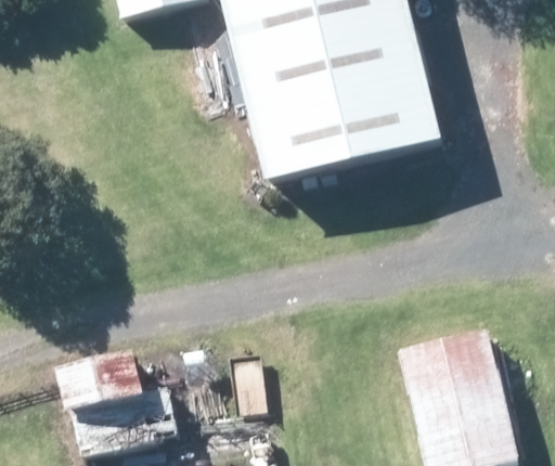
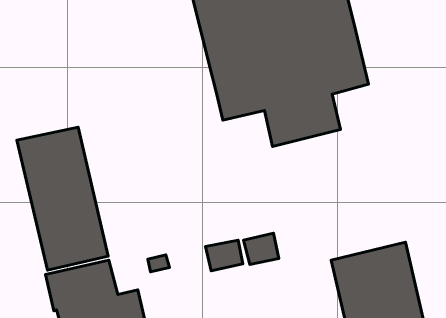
building: none -> [17,127,108,270]

